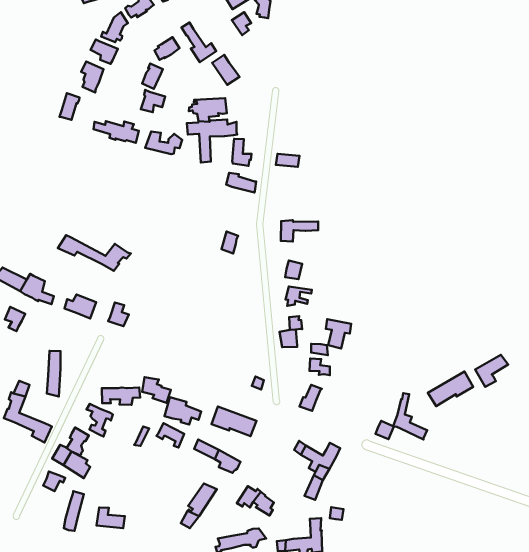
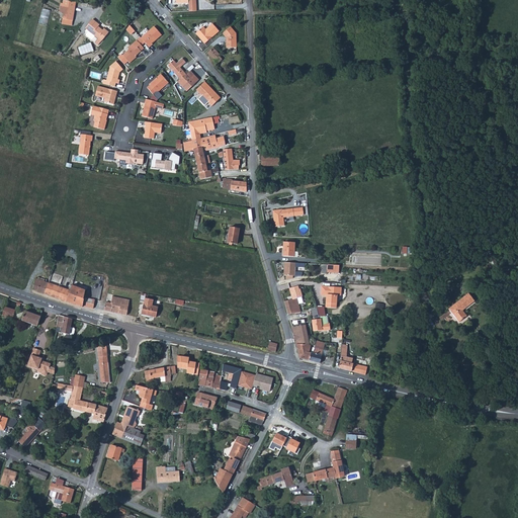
building: [58,235,131,271] -> none
building: none -> [290,325,311,361]
building: [428,371,473,406] -> none
building: [393,393,427,439] -> [338,340,366,375]

